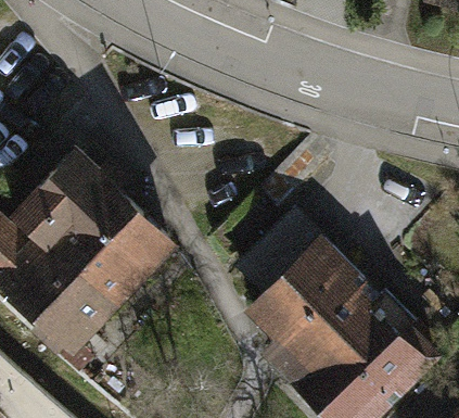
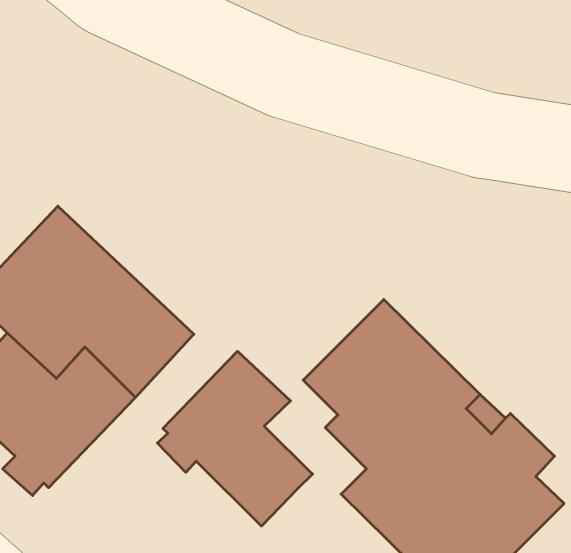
building: none -> [157,351,313,526]

